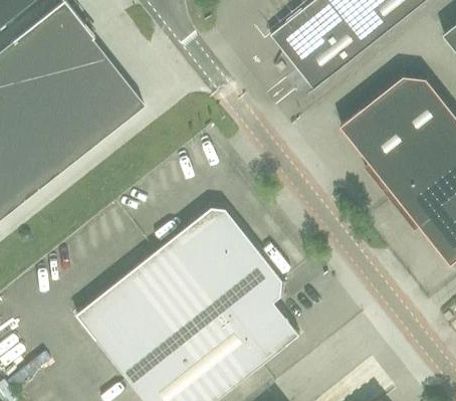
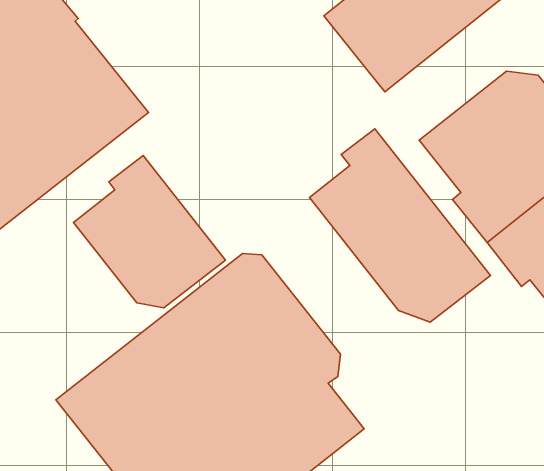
building: none -> [309,129,491,322]
building: none -> [74,156,225,308]

